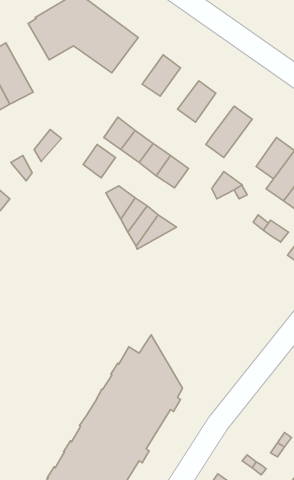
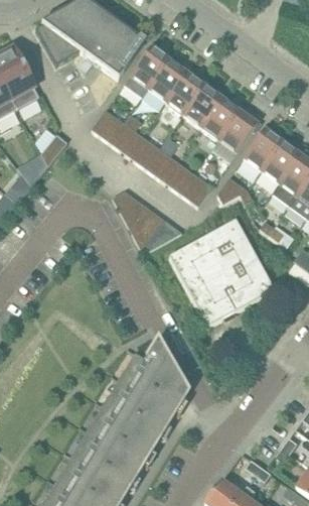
building: none -> [124,45,169,96]
building: none -> [166,72,204,113]
building: none -> [201,97,240,138]
building: none -> [243,128,282,170]
building: [83,144,115,178] -> [92,108,124,141]
building: none -> [180,172,212,205]
building: none -> [169,219,274,326]

